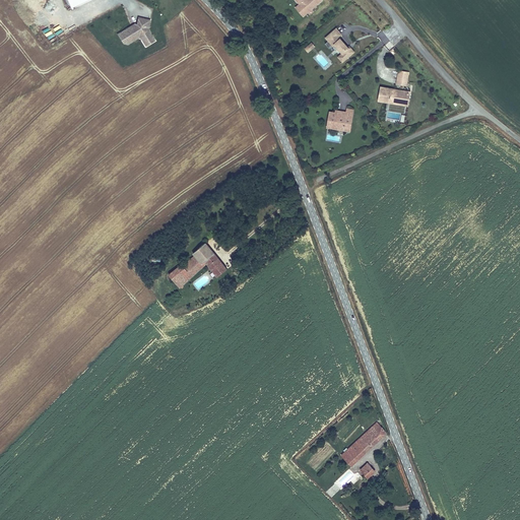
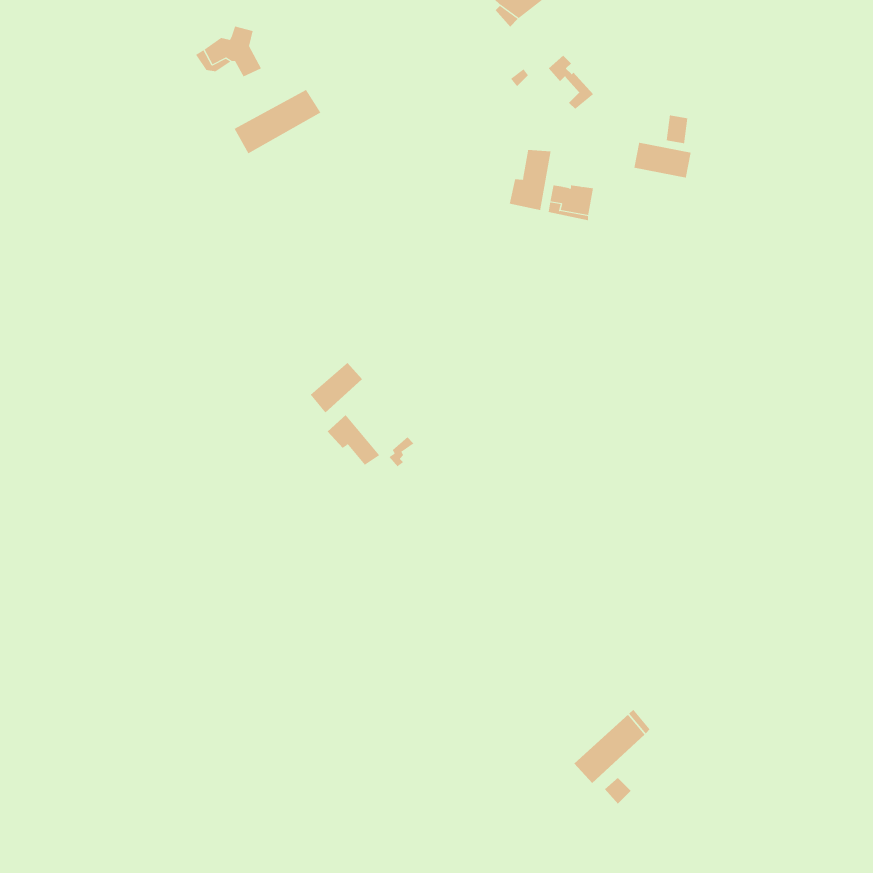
building: none -> [234,89,321,154]
building: none -> [509,149,551,211]
building: [172,256,203,286] -> [310,362,363,414]

